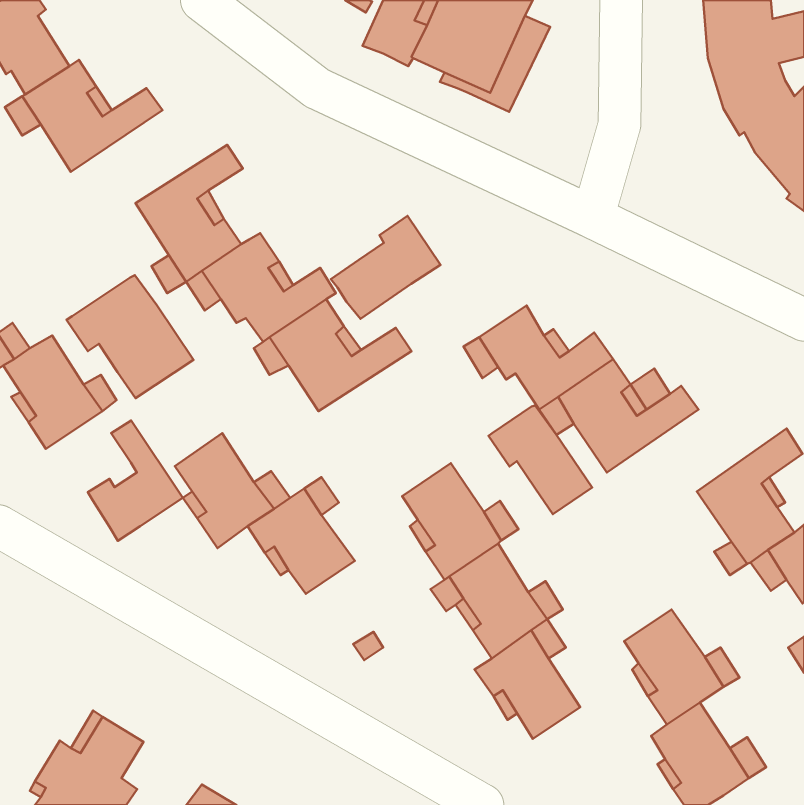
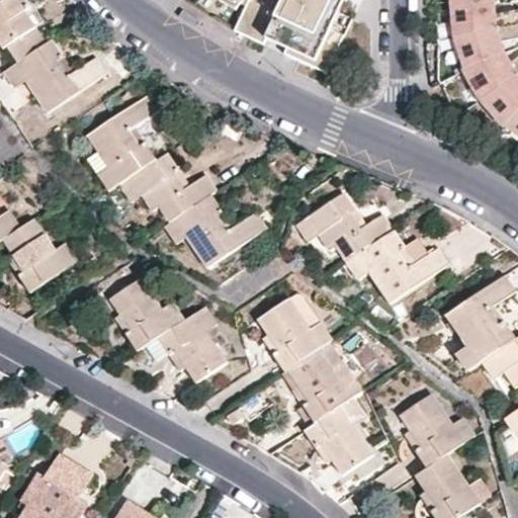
building: [331,216,441,319] -> none
building: [67,275,193,398] -> none
building: [489,405,592,514] -> none
building: [88,420,183,541] -> none

